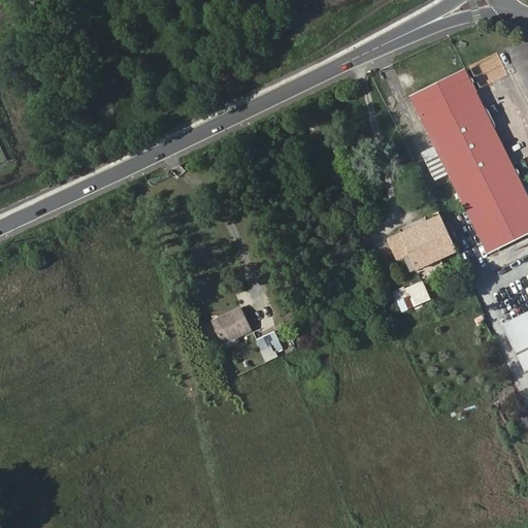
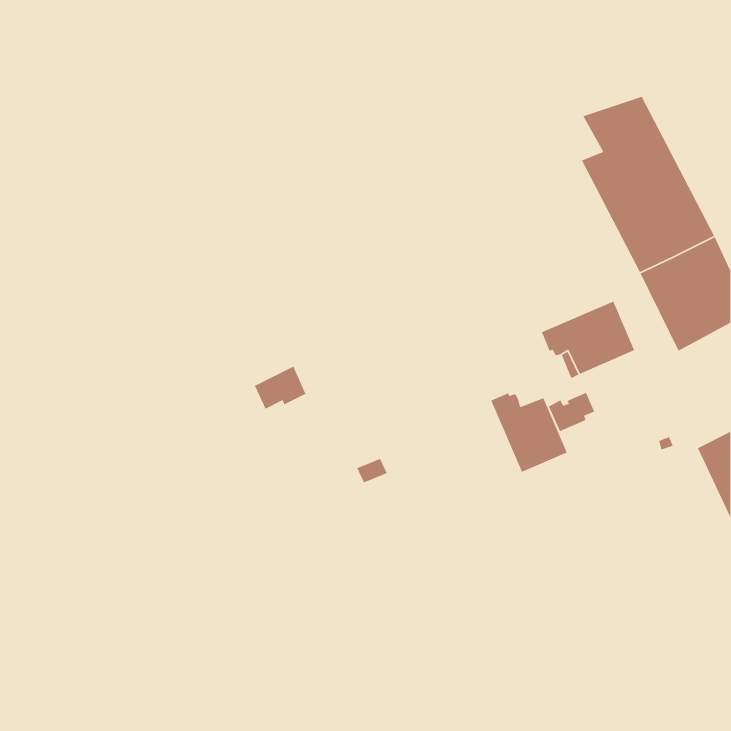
building: [405,84,434,116] -> none
building: none -> [490,392,568,473]
building: [213,307,252,339] -> [254,365,307,410]

